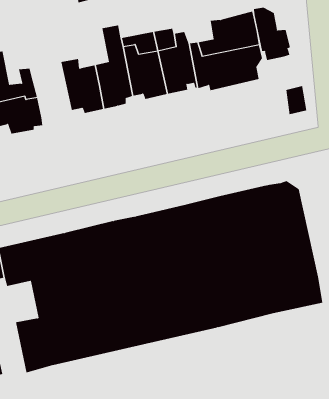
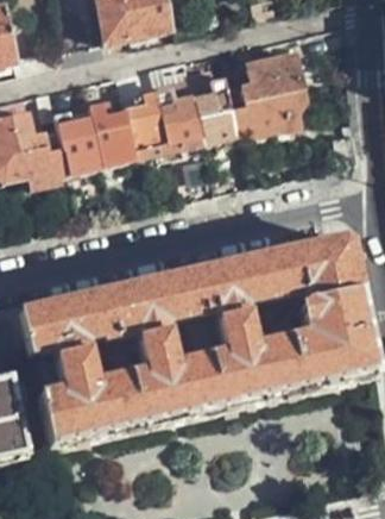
building: [253,7,291,61] -> none
building: none -> [53,110,100,171]

